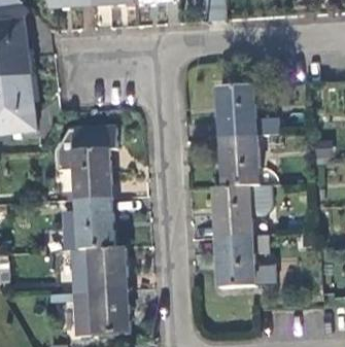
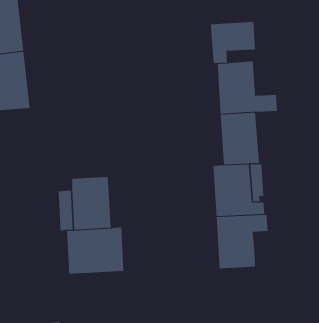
building: none -> [210,21,255,64]
building: [57,127,117,200] -> none
building: [73,290,130,336] -> none

